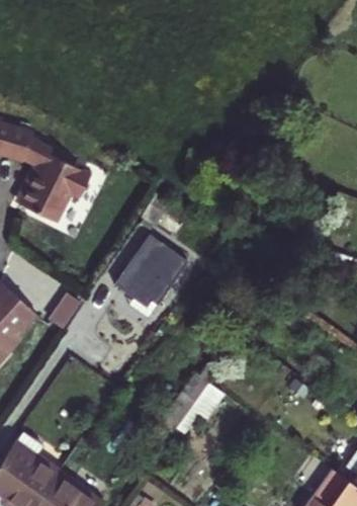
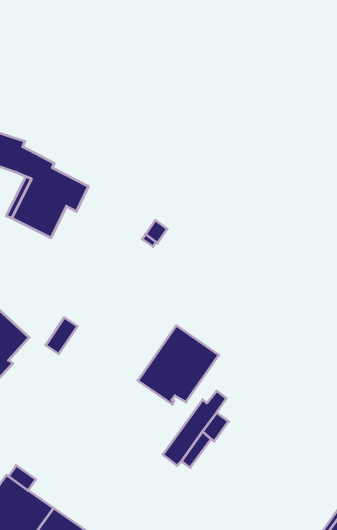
building: [113,234,188,307] -> [138,326,219,404]

